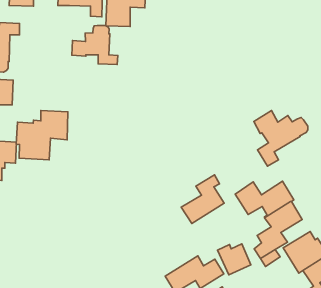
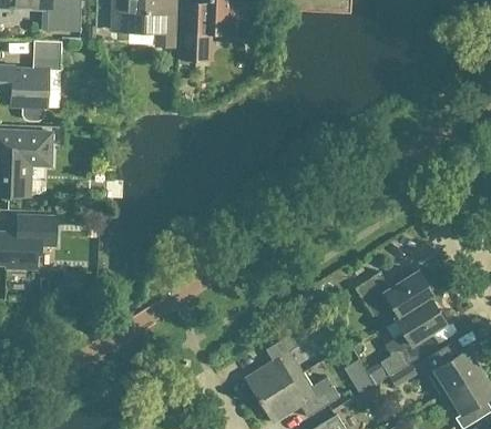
building: [72,25,118,64] -> none
building: [16,110,68,160] -> none
building: [254,111,308,166] -> none
building: [181,175,224,224] -> [245,333,304,399]

